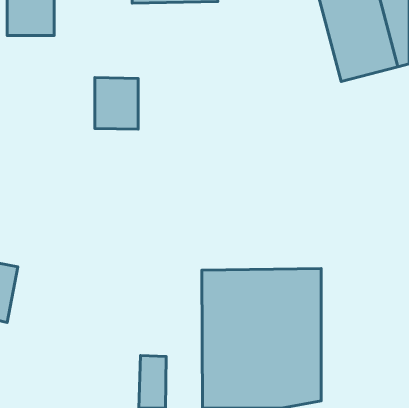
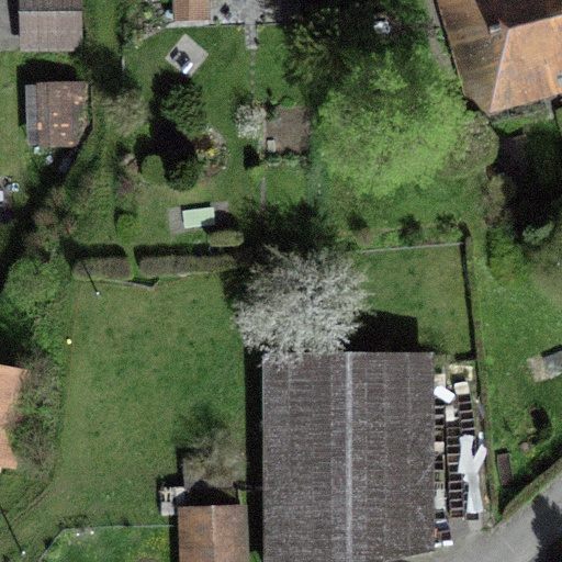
building: [95,78,138,129] -> [24,80,83,150]

